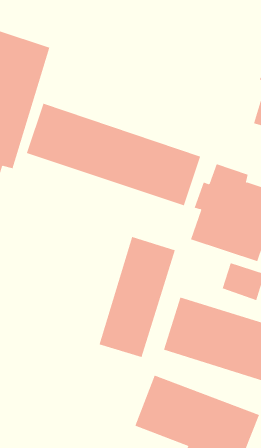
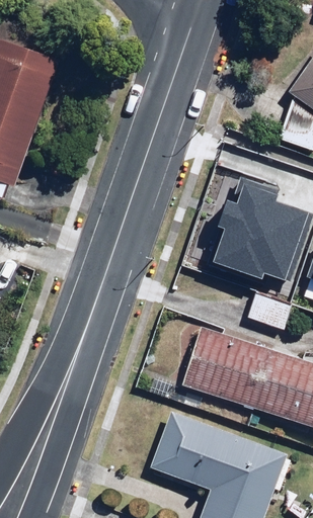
building: [26,103,201,206] -> none
building: [99,236,176,358] -> none

